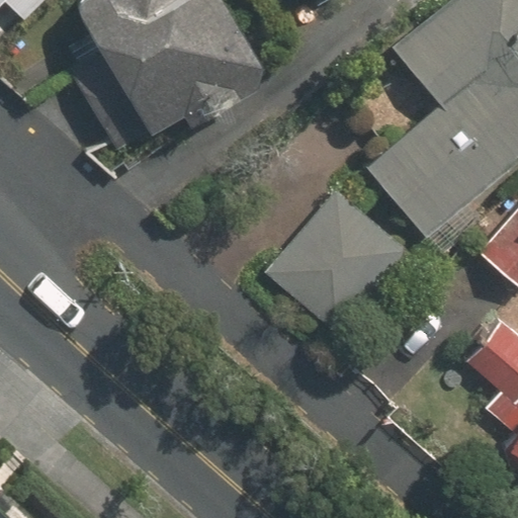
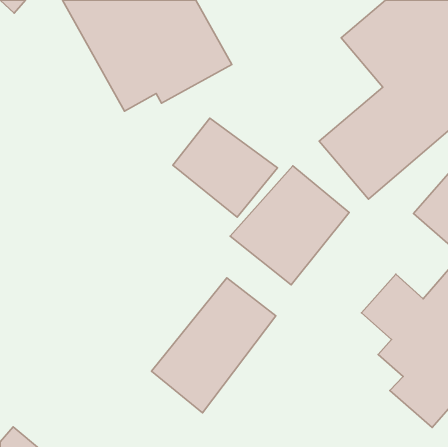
building: none -> [173,118,277,217]
building: none -> [152,278,276,413]

